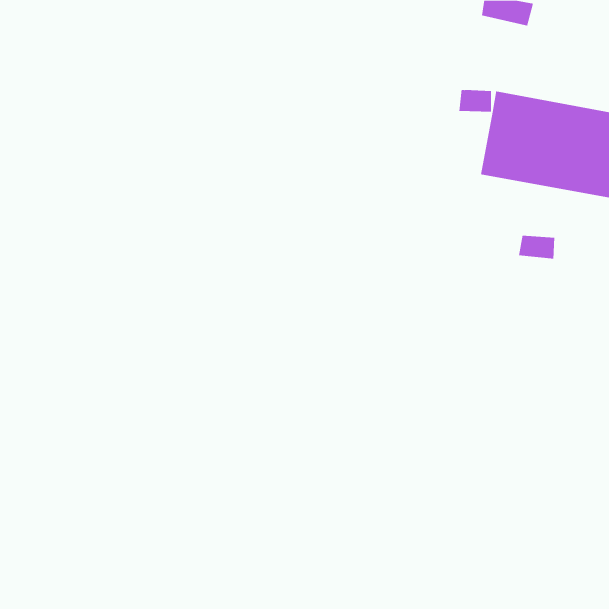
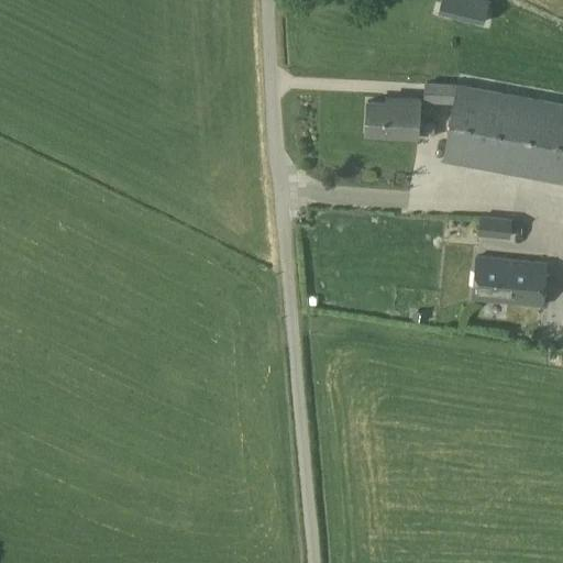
building: none -> [366,99,420,136]
building: none -> [474,257,547,305]

